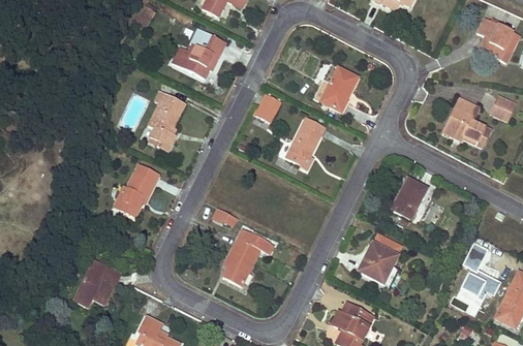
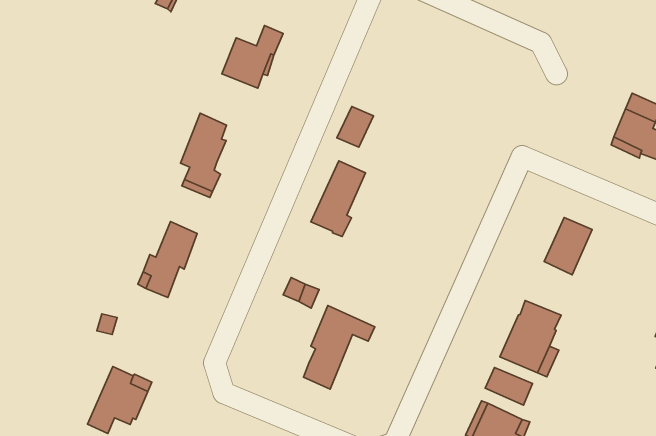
building: [320,68,357,113] -> none
building: [285,118,325,169] -> [311,161,365,237]
building: none -> [485,367,532,405]

